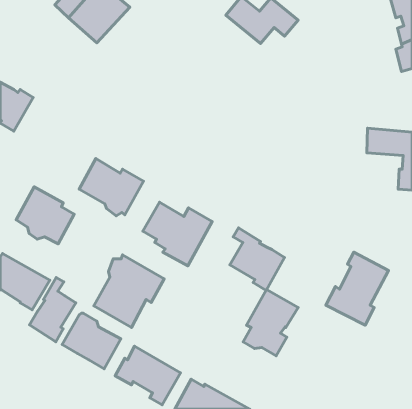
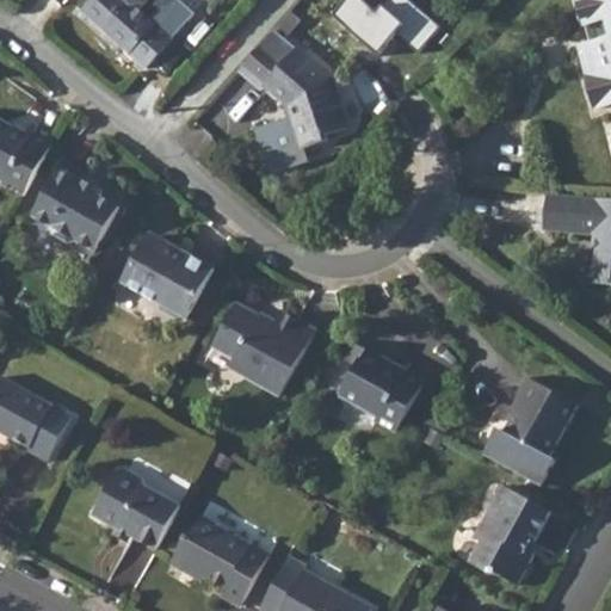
building: none -> [236,24,348,171]
building: [16,187,74,244] -> [32,165,118,249]
building: [94,255,164,327] -> none
building: [30,277,76,342] -> none
building: [243,290,298,356] -> [468,485,549,582]

